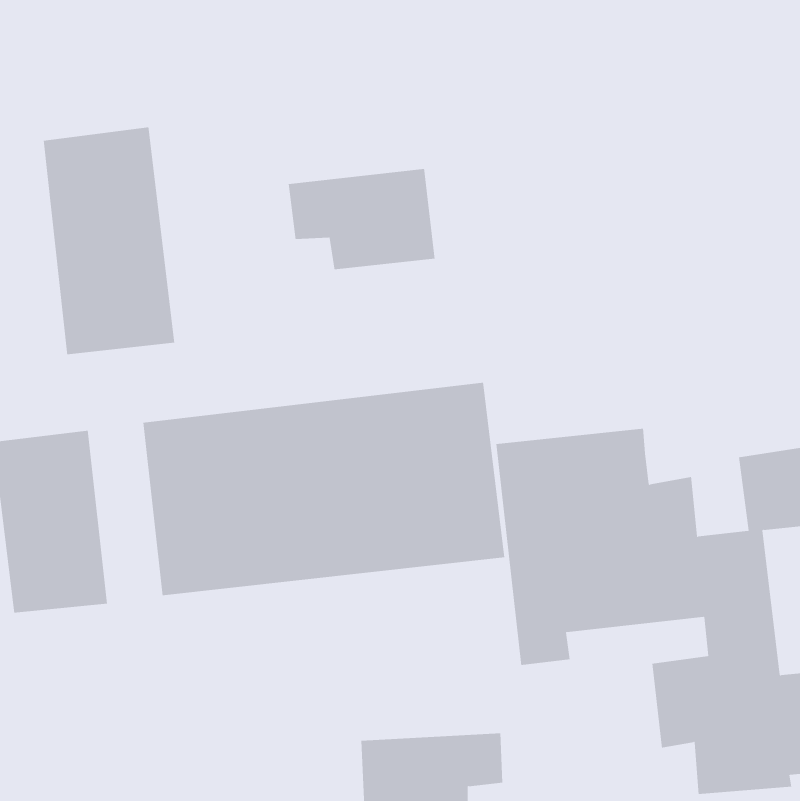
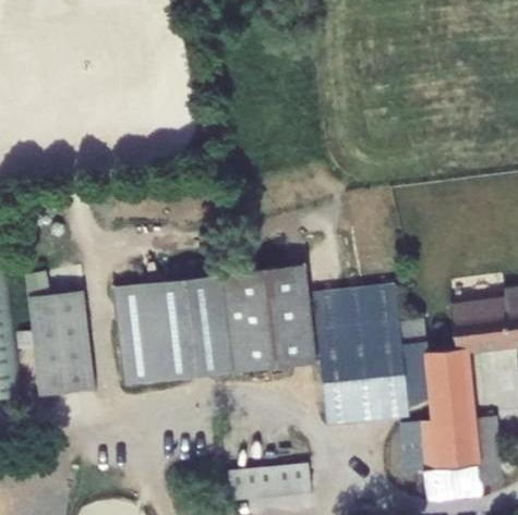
building: [43,126,175,355] -> none
building: [288,168,435,270] -> none

